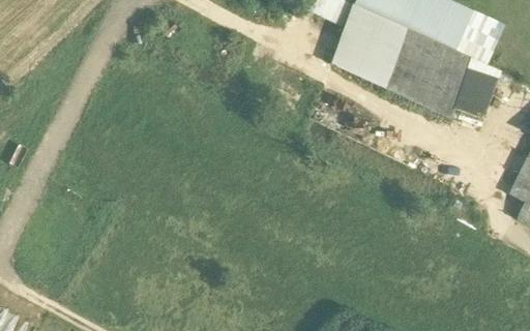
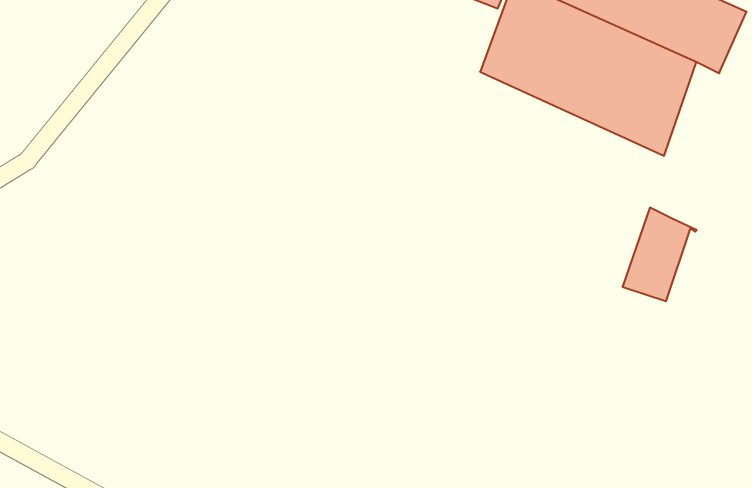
building: [453,56,501,116] -> [622,208,697,301]

